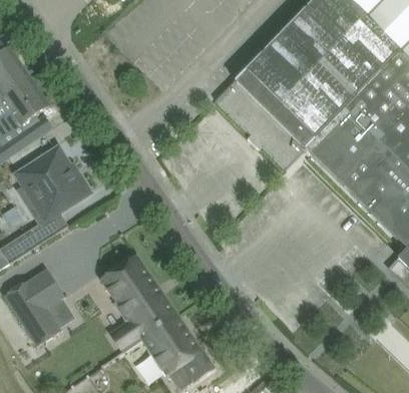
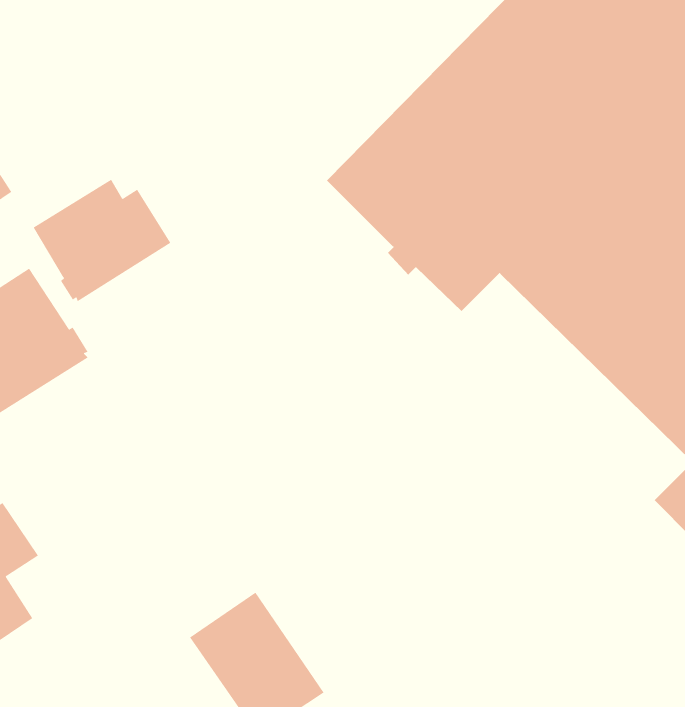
building: none -> [33,179,171,302]
building: [101,254,178,340] -> none

